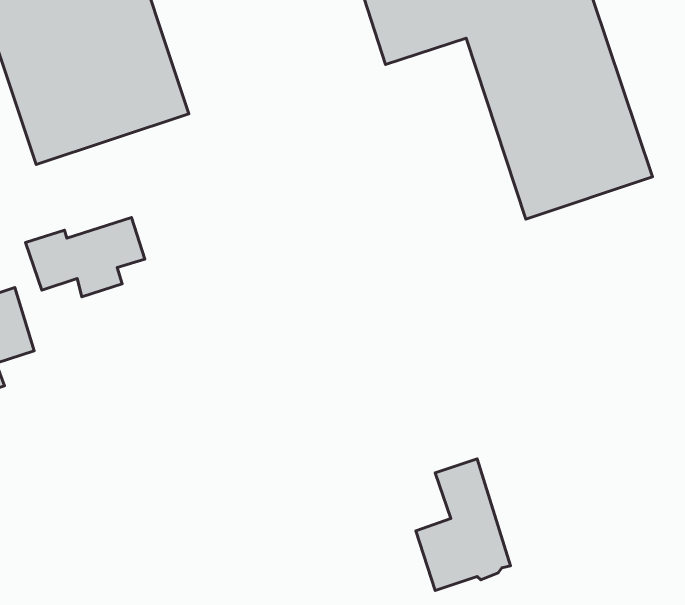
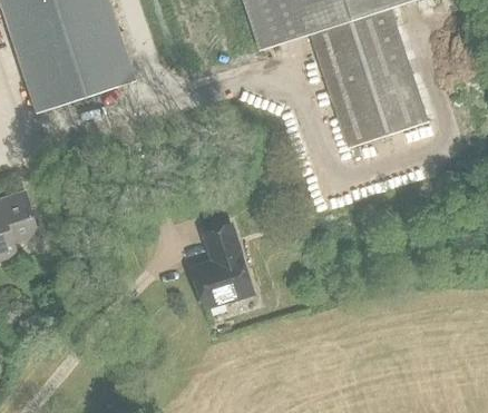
building: [25,218,145,297] -> none
building: [416,459,511,591] -> [192,223,252,306]

